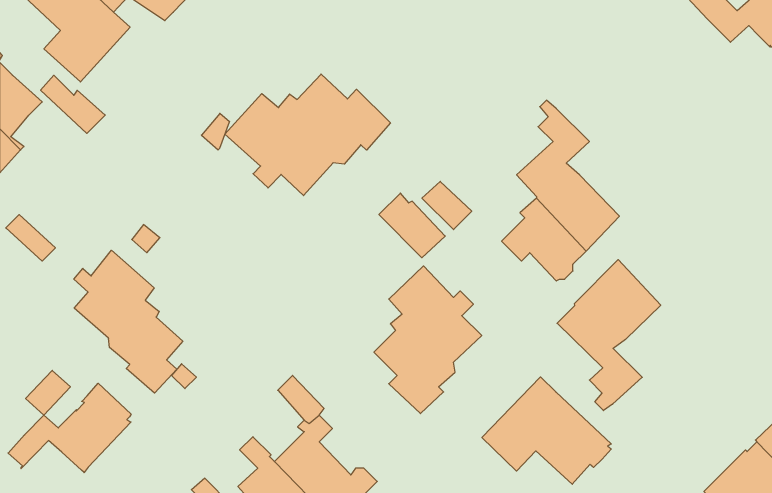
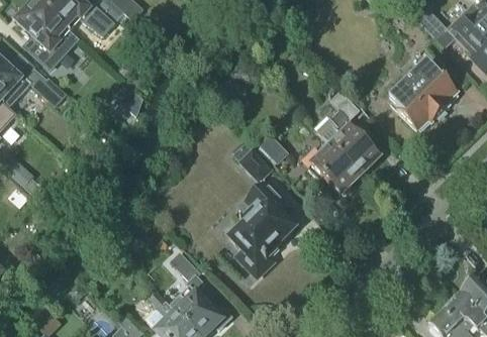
building: none -> [388,54,457,129]
building: [225,74,390,196] -> none
building: [74,250,183,393] -> none
building: [557,260,661,411] -> none
building: [482,377,611,484] -> none
building: [8,383,131,473] -> none

